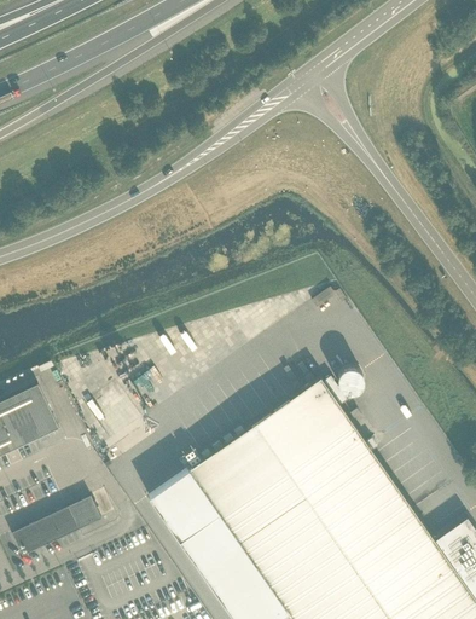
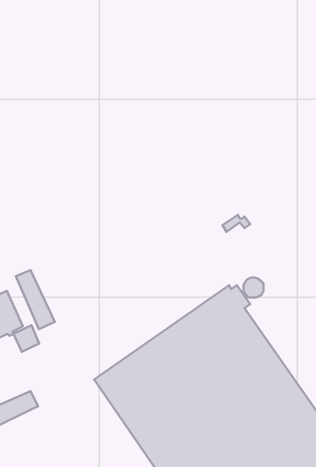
building: none -> [16,270,55,329]
building: [68,497,100,531] -> [13,325,39,352]

